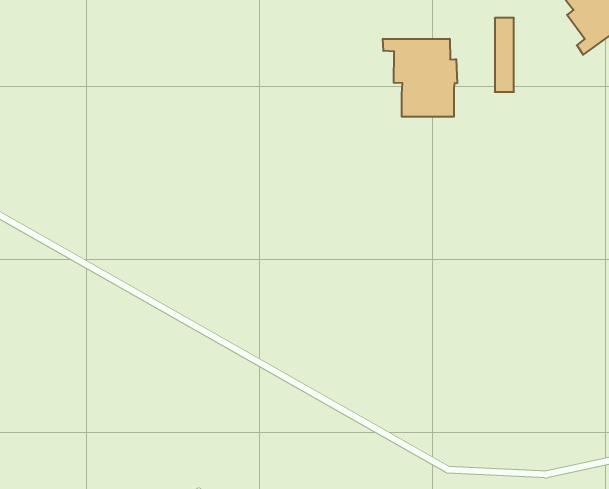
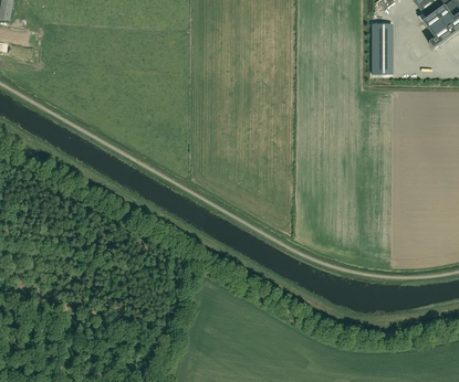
building: [383,39,457,117] -> none

